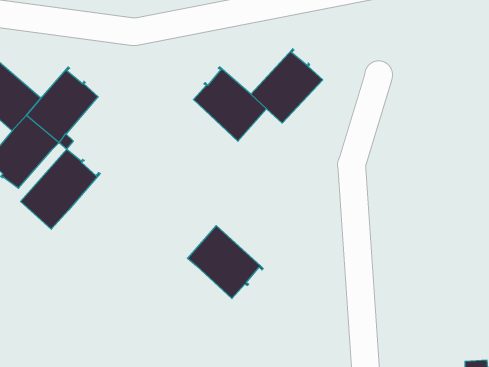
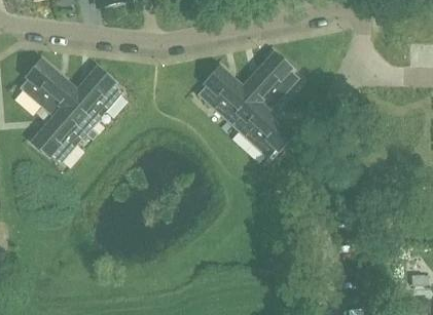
building: [21,149,100,229] -> none
building: [187,226,263,299] -> [232,101,292,158]

